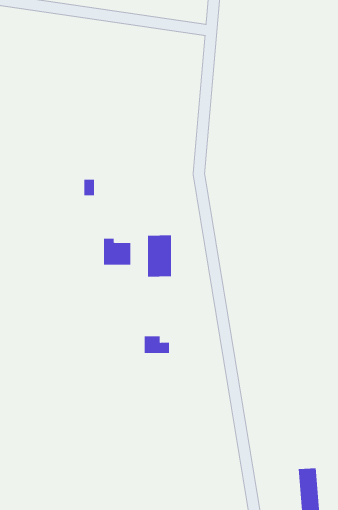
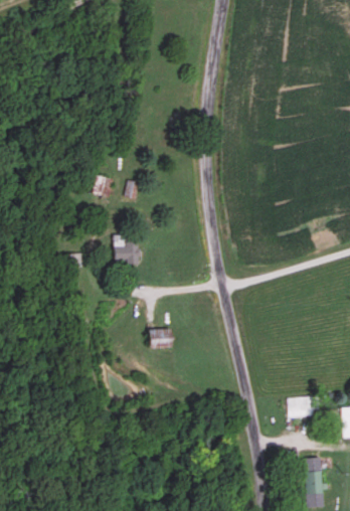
building: [147,235,171,277] -> none
building: none -> [287,398,312,415]

